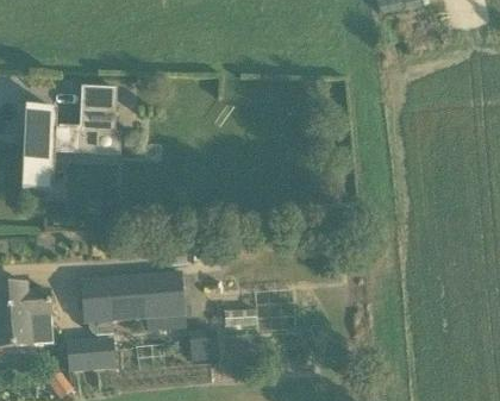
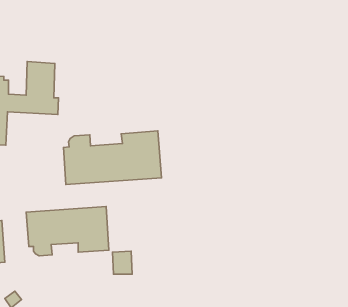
building: none -> [64,131,161,185]
building: [65,338,115,370] -> none

